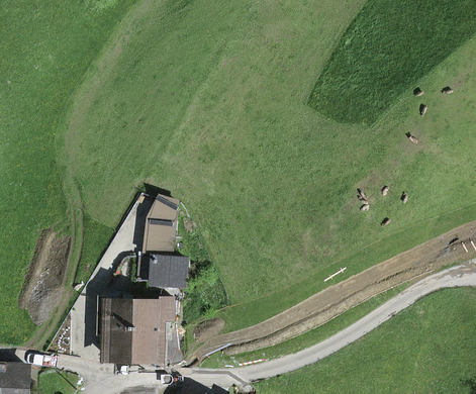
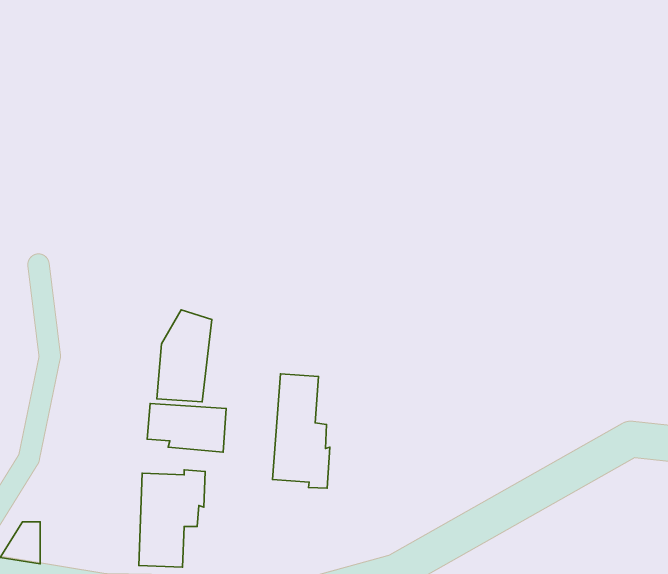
building: none -> [272,374,330,488]
building: [101,298,135,357] -> none

